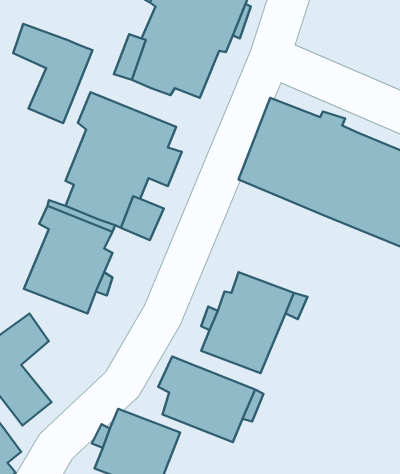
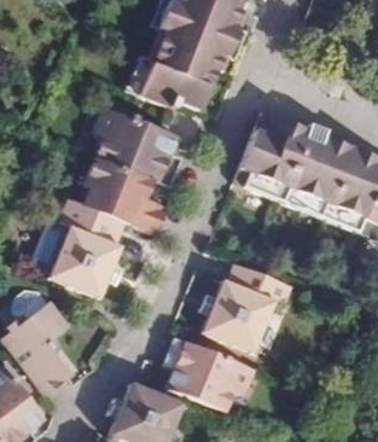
building: [13,24,92,123] -> none

